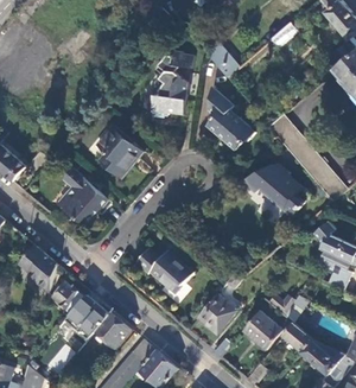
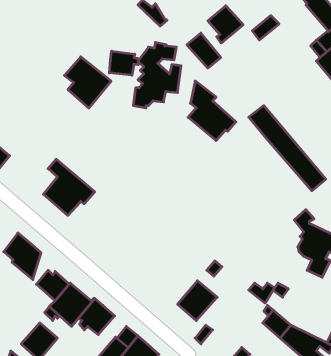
building: none -> [208,6,243,43]
building: none -> [109,51,138,75]
building: [95,125,142,177] -> [64,57,111,108]
building: [242,163,310,217] -> none
building: [133,247,190,292] -> none
building: [241,309,281,349] -> none

